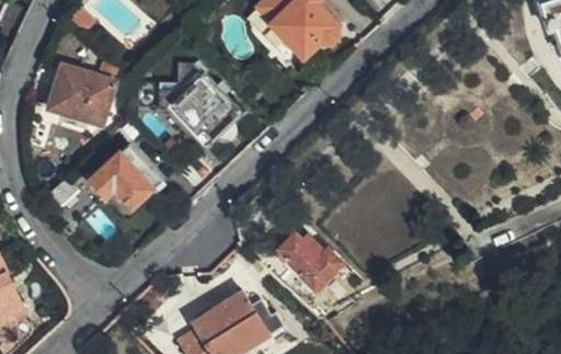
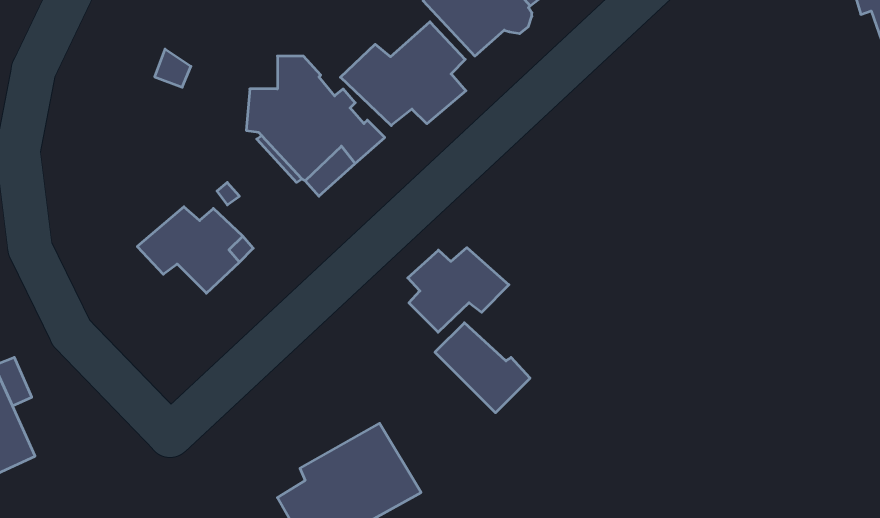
building: none -> [340,22,466,126]
building: [49,67,115,125] -> none
building: none -> [408,248,509,332]

